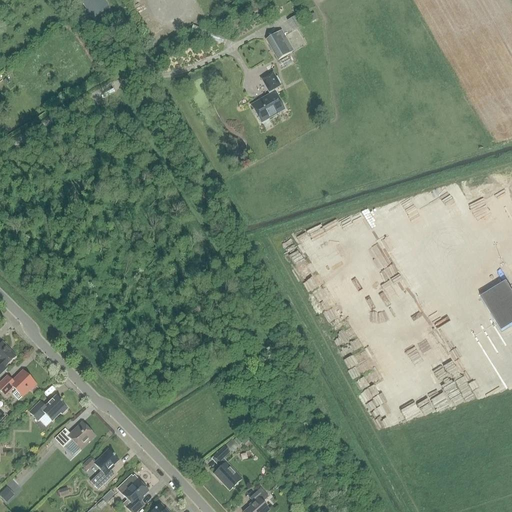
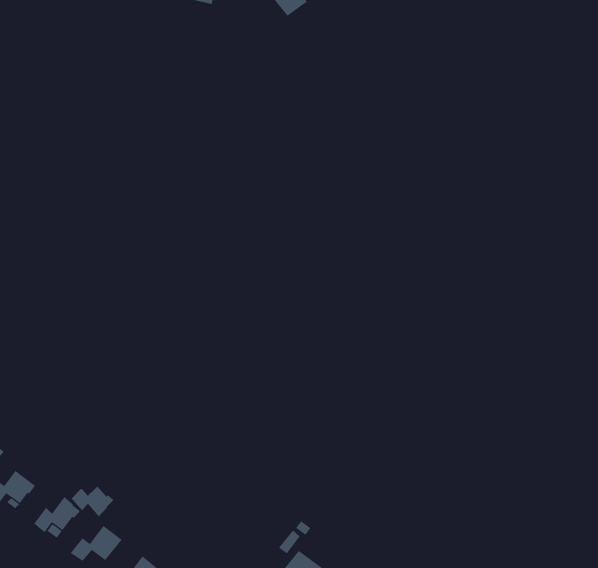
building: [250,72,284,121] -> none
building: none -> [71,486,114,517]

